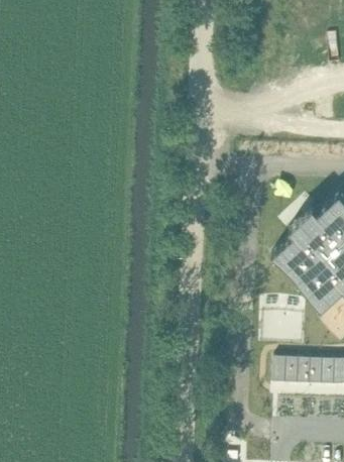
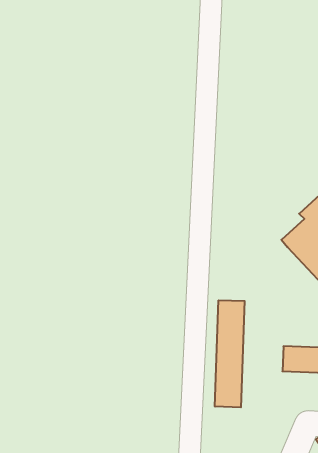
building: none -> [215,300,245,407]

